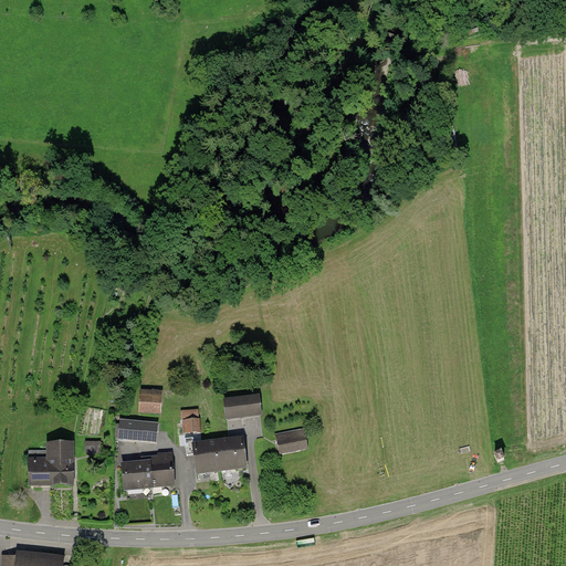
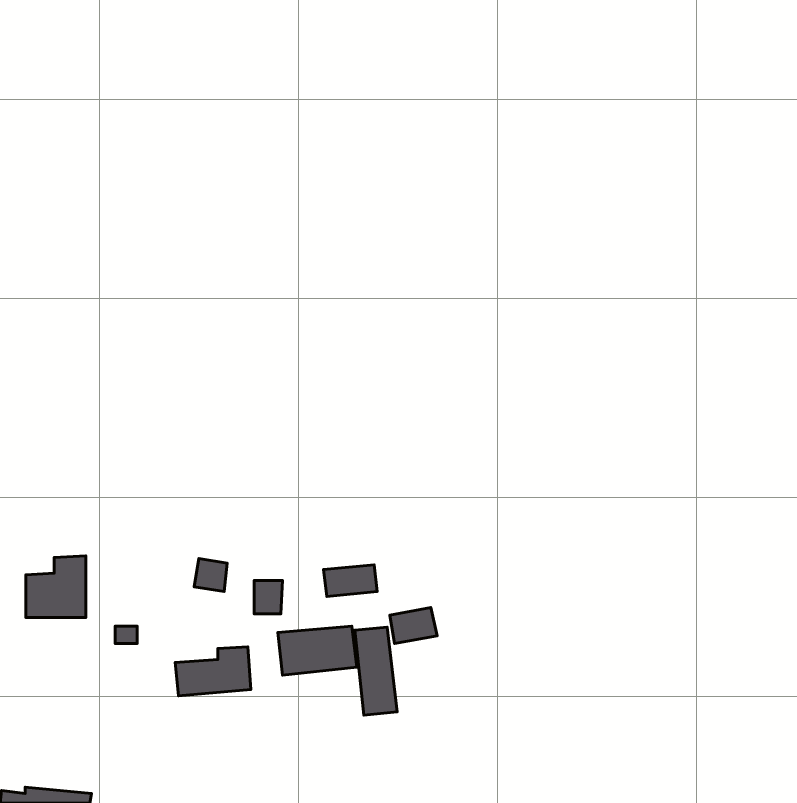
building: [117,419,156,441] -> none
building: none -> [355,627,397,715]
building: [24,440,66,483] -> [26,556,86,617]

